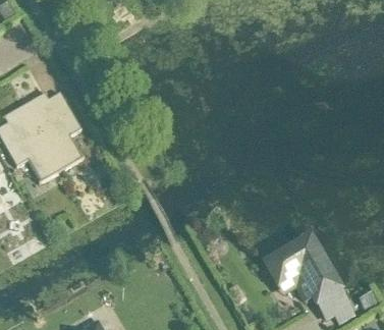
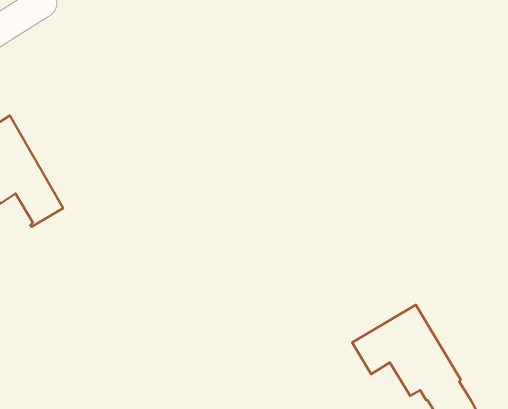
building: [23,92,84,169] -> none

